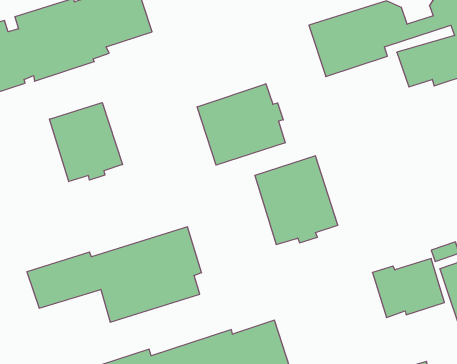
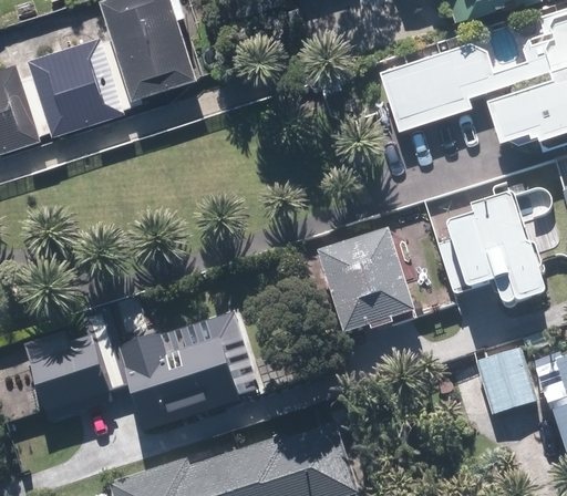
building: [197,84,285,165] -> none
building: [49,103,122,182] -> none
building: none -> [441,190,543,302]

